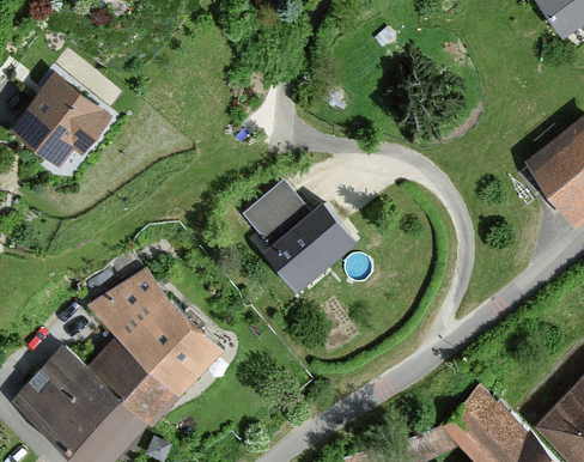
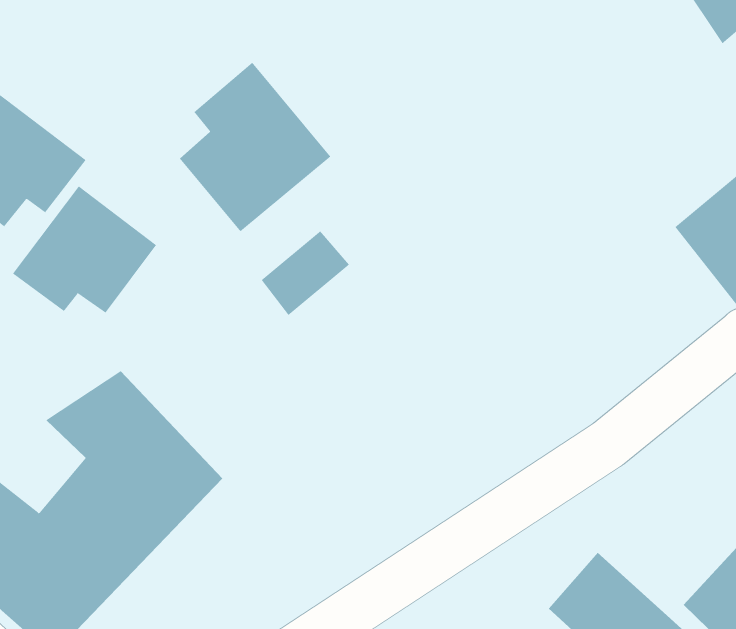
building: none -> [179,62,331,232]
building: none -> [12,186,157,313]
building: [267,203,358,292] -> none

